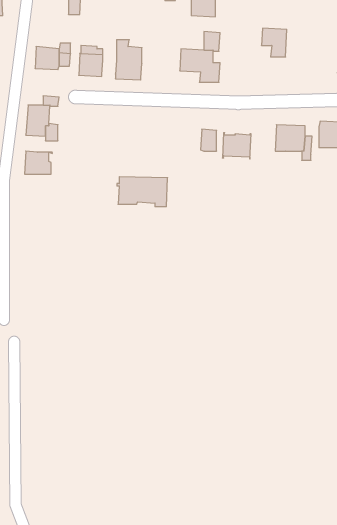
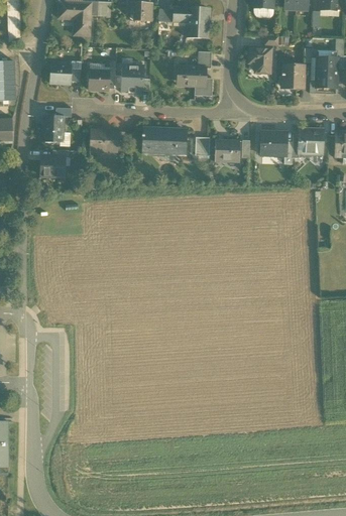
building: none -> [281,64,304,87]
building: none -> [89,128,118,152]
building: [117,177,168,207] -> [141,128,186,154]

